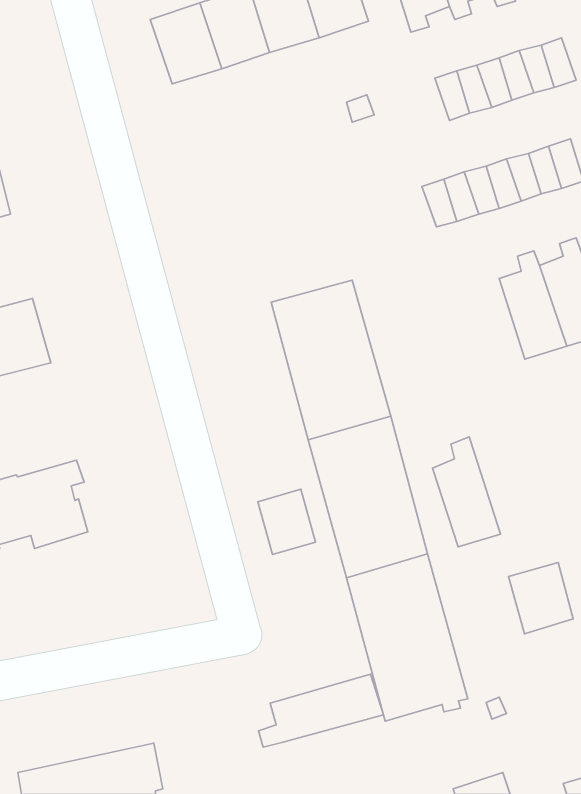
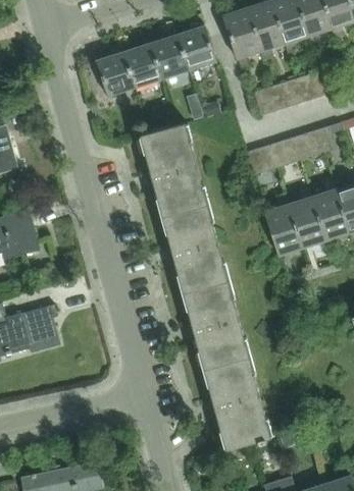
building: none -> [139,123,206,217]
building: [432,437,500,547] -> [264,195,302,256]
building: [258,489,316,555] -> none
building: [509,563,573,634] -> none
building: [259,674,383,747] -> none

